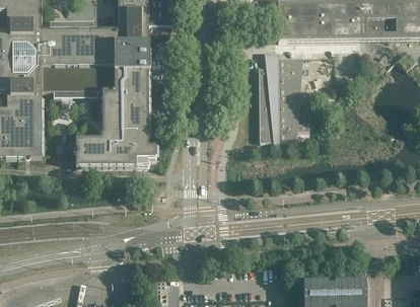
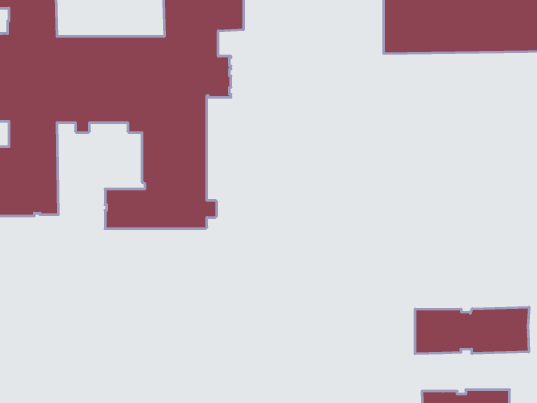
building: [259,54,309,141] -> none
building: none -> [415,307,529,354]

